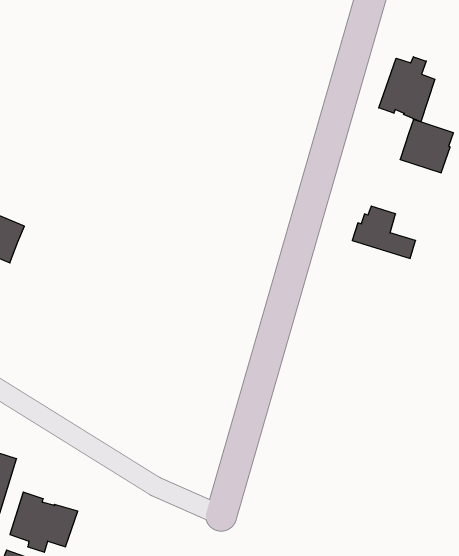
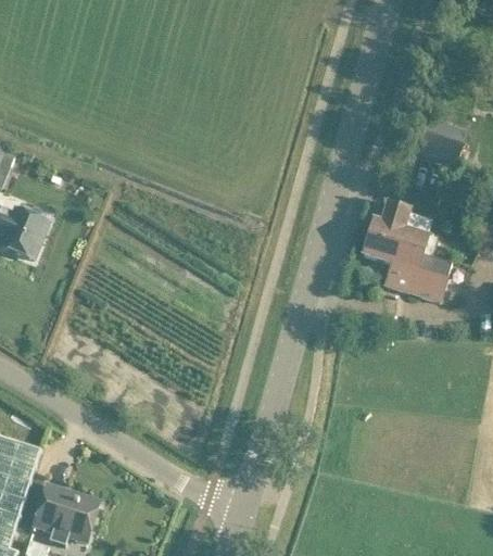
building: [379,57,435,122] -> none
building: none -> [363,236,452,304]

